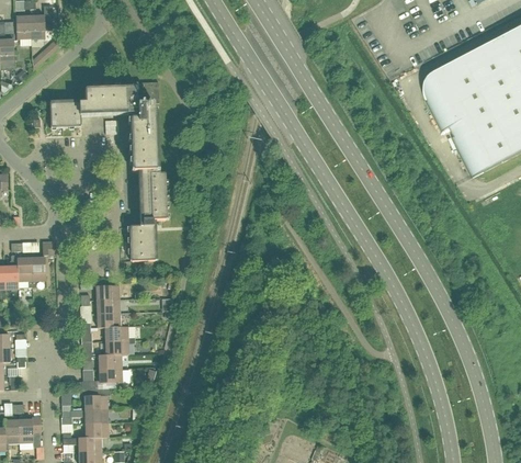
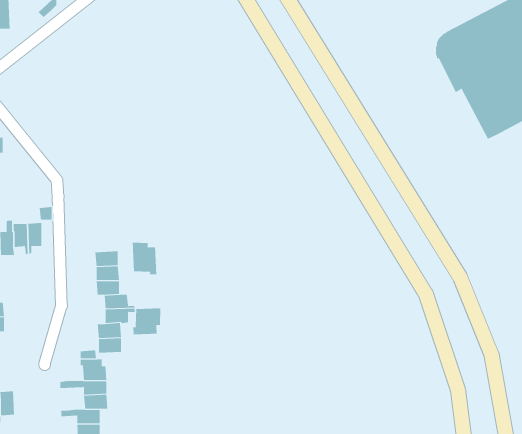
building: [50,80,166,260] -> none
building: none -> [132,242,157,275]
building: none -> [133,307,161,335]
building: [18,416,42,441] -> none

